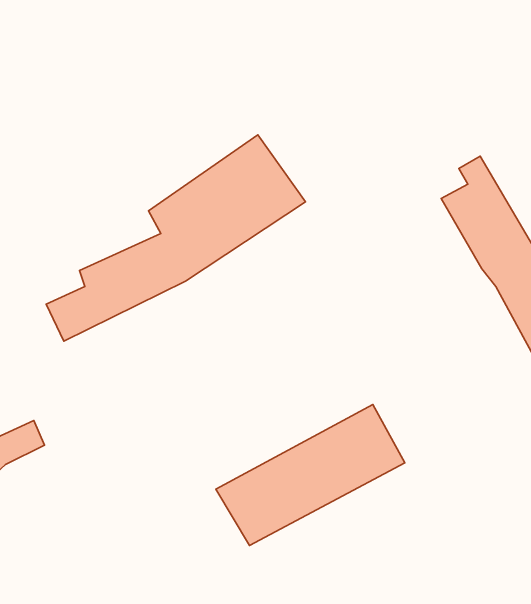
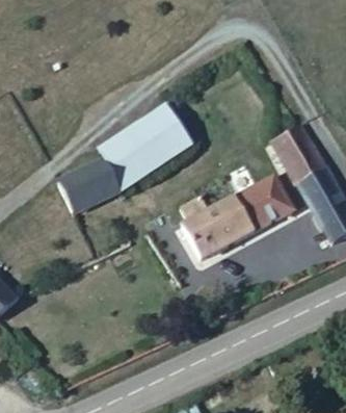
building: [216,405,405,546] -> [182,174,293,257]

